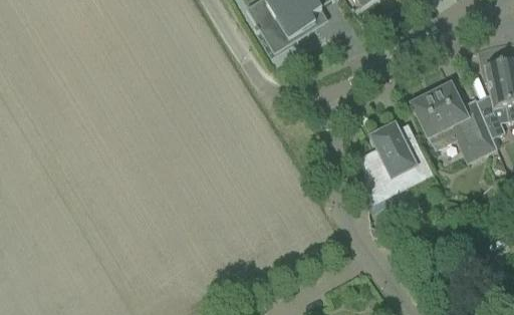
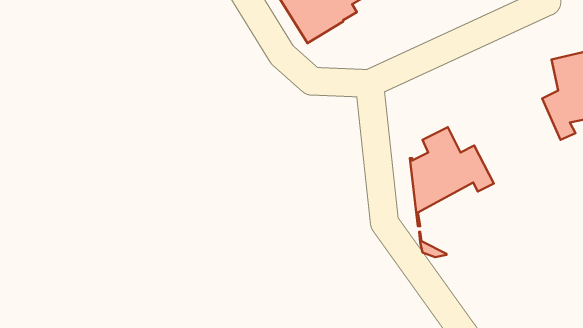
building: [413,85,497,161] -> none

